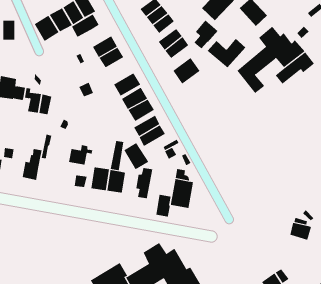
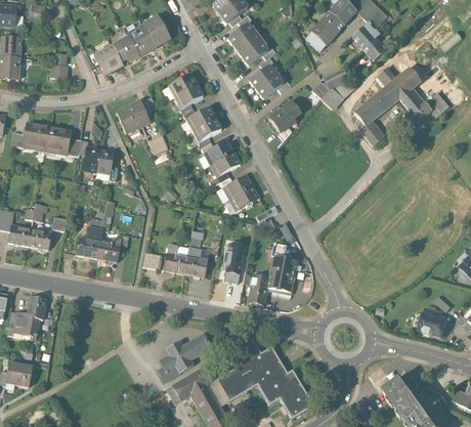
building: [71,13,100,37] -> none
building: [193,19,219,49] -> none
building: none -> [114,99,152,135]
building: none -> [184,103,219,134]
building: [123,142,149,170] -> none
building: [68,145,93,165] -> [95,234,127,261]
building: none -> [157,332,211,381]

